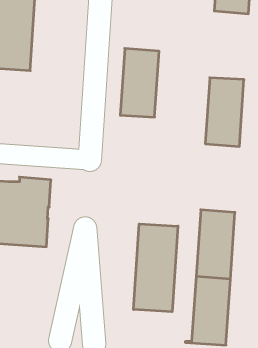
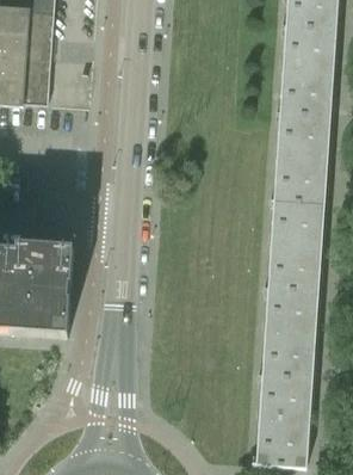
building: [120,48,159,117] -> [283,21,334,112]
building: none -> [271,197,322,288]
building: [134,224,178,312] -> none

